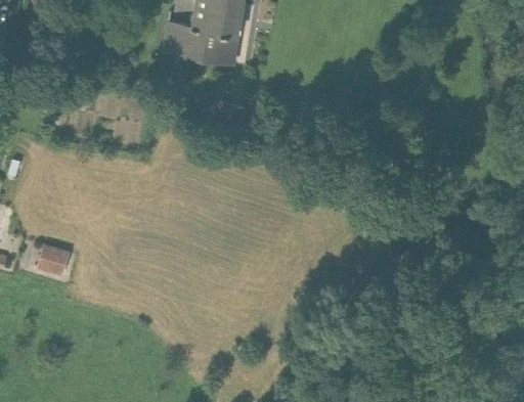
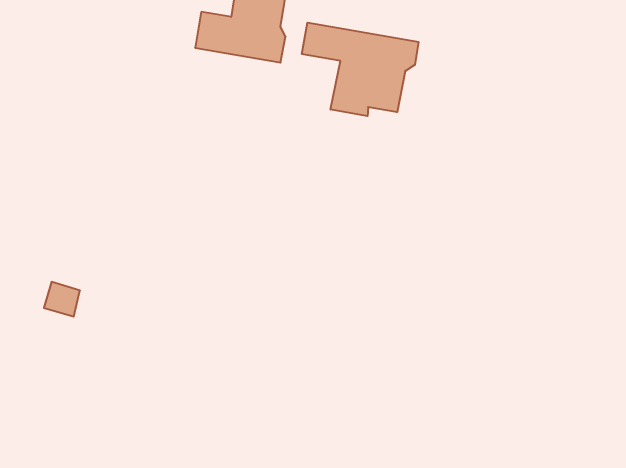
building: none -> [302,23,418,116]

